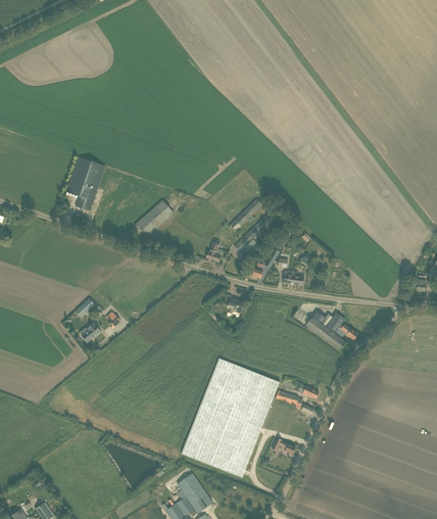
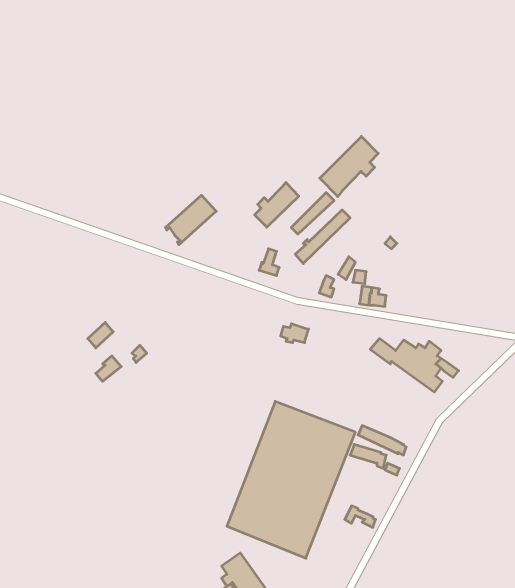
building: none -> [320,136,378,197]
building: [67,156,105,210] -> none
building: none -> [255,182,299,227]

